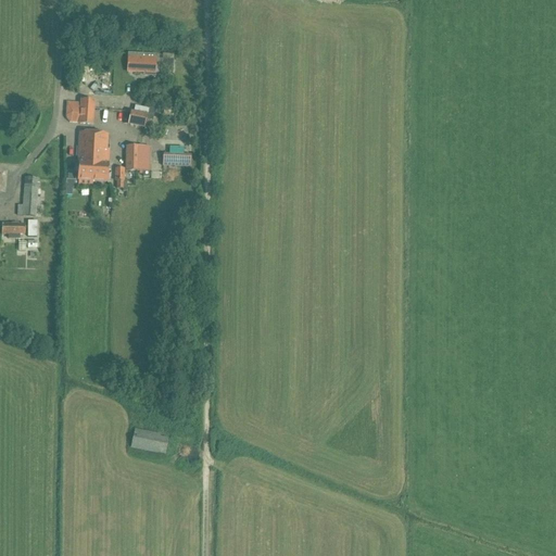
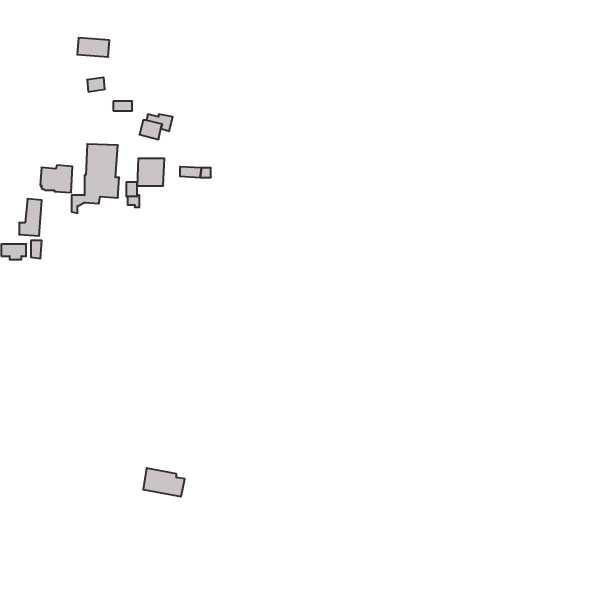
building: [127,54,156,72] -> [77,38,109,57]
building: [65,98,94,123] -> [40,165,72,193]

